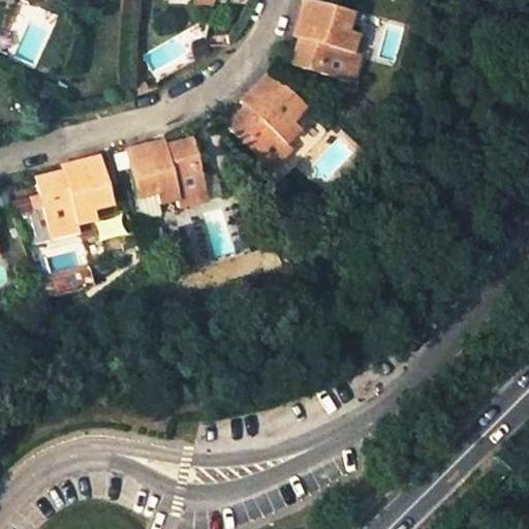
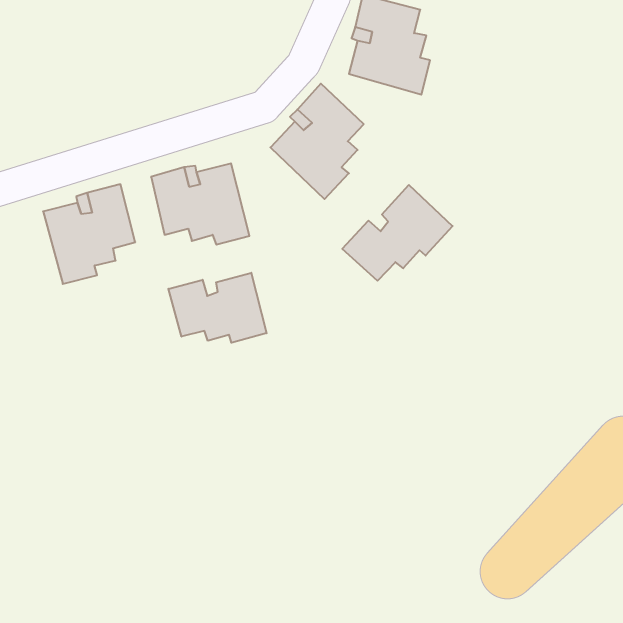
building: none -> [342,185,453,281]
building: none -> [168,273,267,343]

